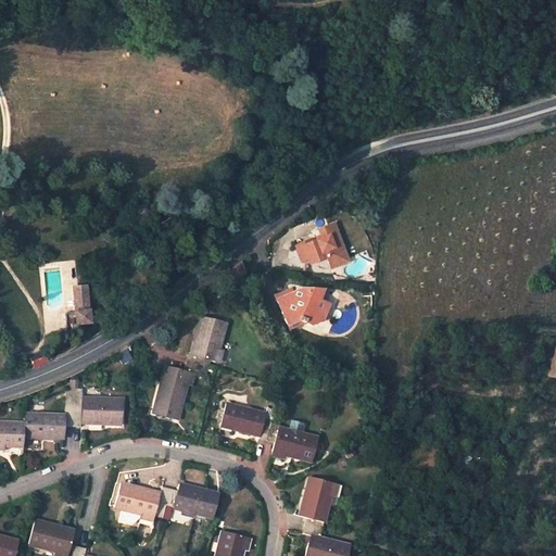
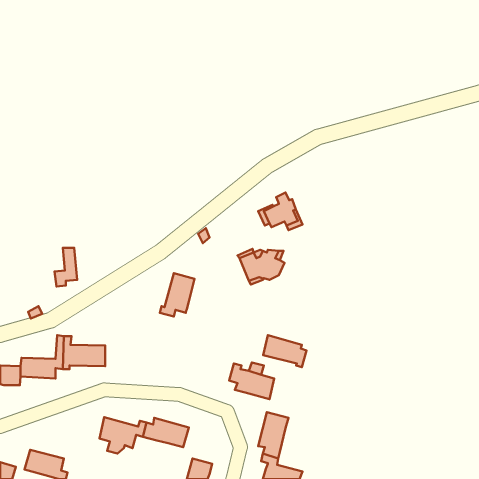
building: [156,362,202,412] -> none
building: [222,403,271,440] -> [263,335,306,367]

